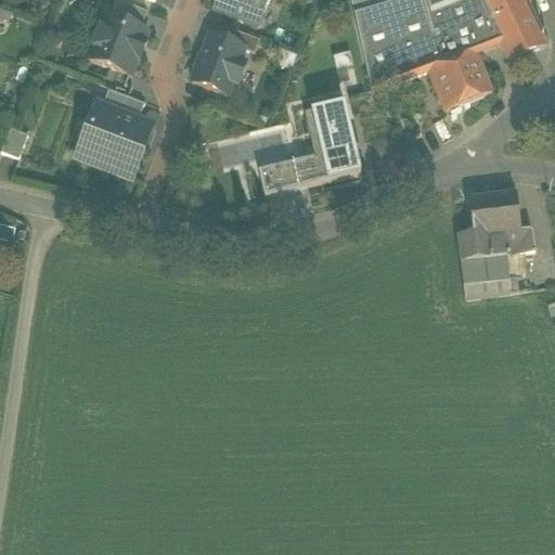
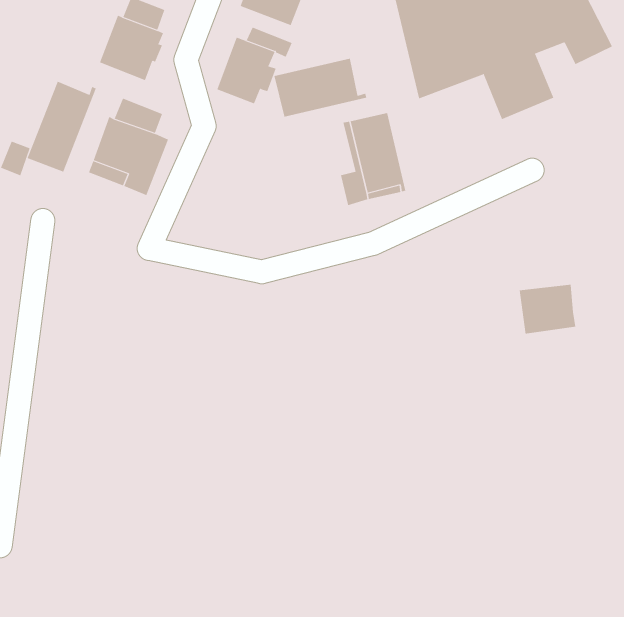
building: none -> [274,58,367,118]
building: none -> [27,81,96,172]
building: [259,155,309,192] -> none
building: [459,189,535,257] -> none

